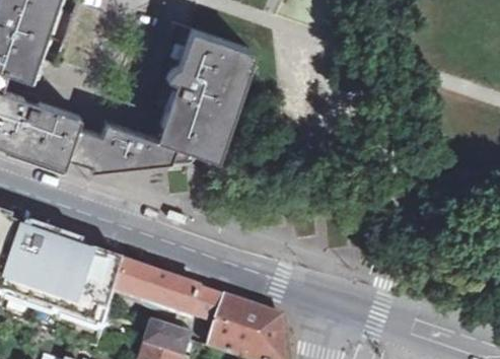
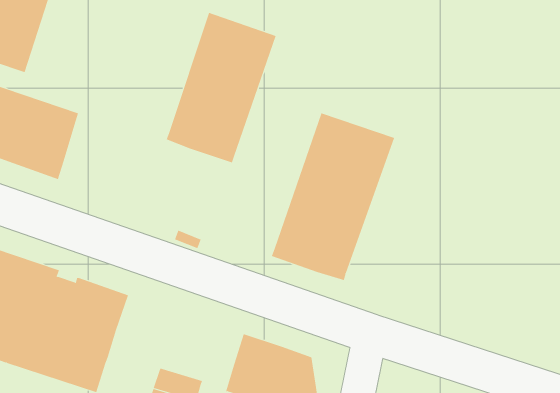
building: none -> [271,112,395,281]
building: [70,114,176,161] -> none
building: [115,263,222,321] -> none

